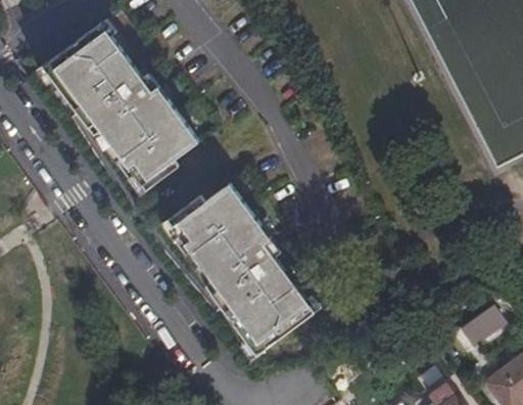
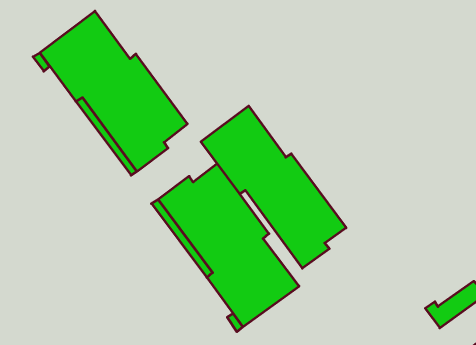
building: none -> [201,106,346,268]

